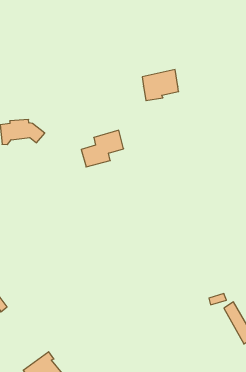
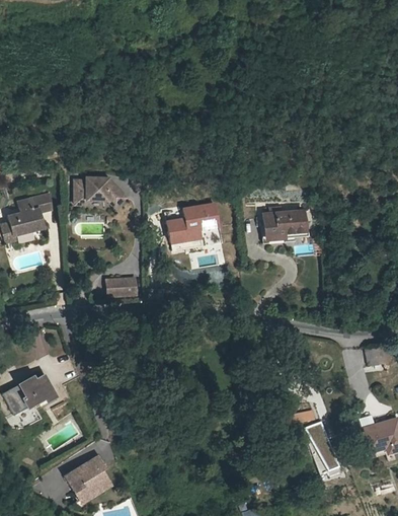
building: [142,70,179,101] -> [262,210,303,242]
building: none -> [105,278,135,296]

